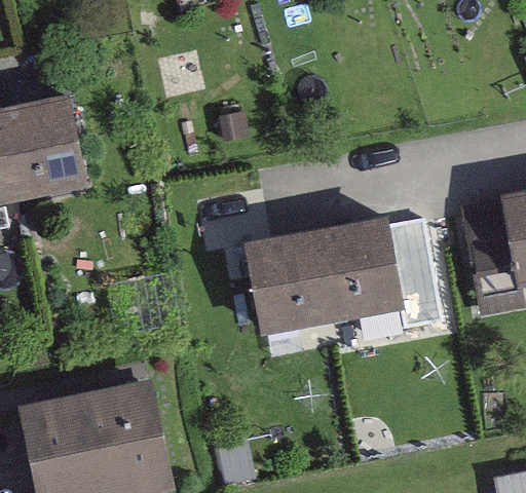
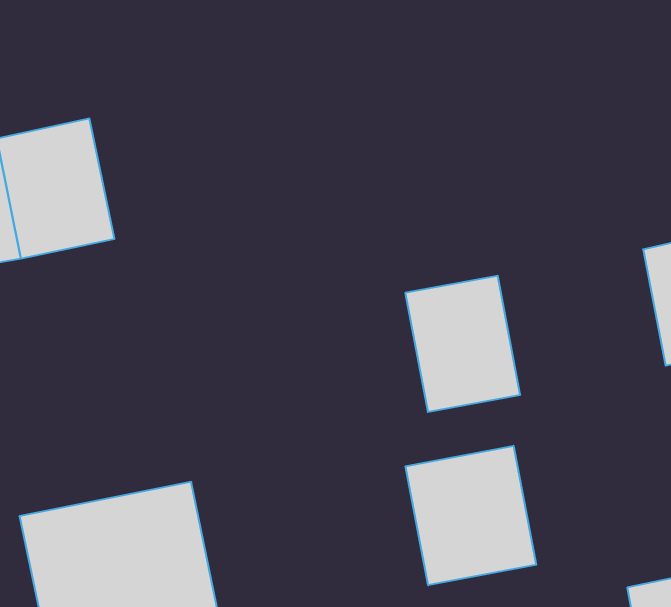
building: [243,231,334,337] -> none
building: none -> [405,446,536,585]

